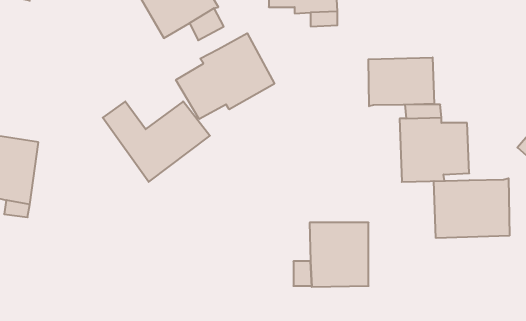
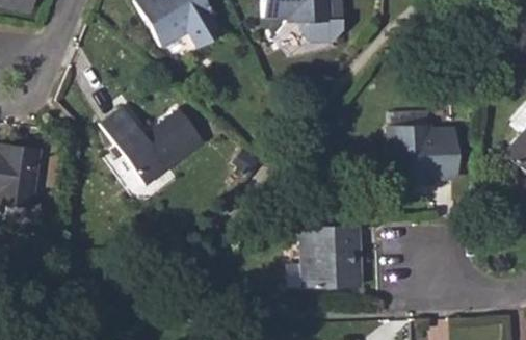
building: [176,33,274,119] -> none
building: [368,57,434,106] -> none
building: [434,178,509,238] -> none

